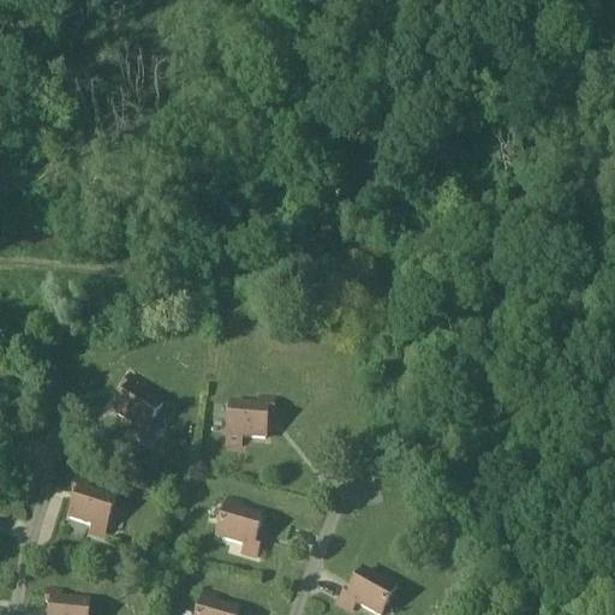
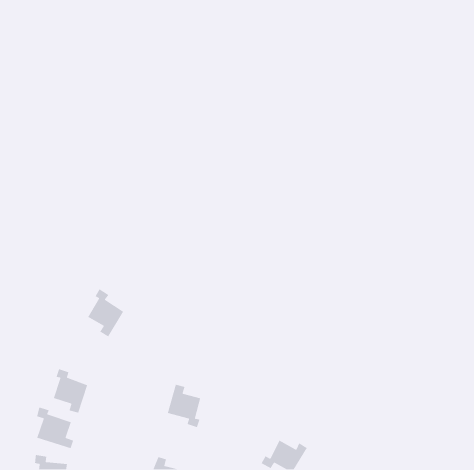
building: [226,396,273,443] -> none
building: none -> [36,407,74,449]

